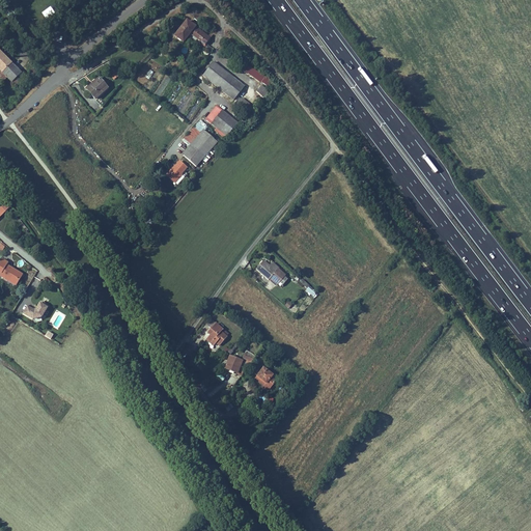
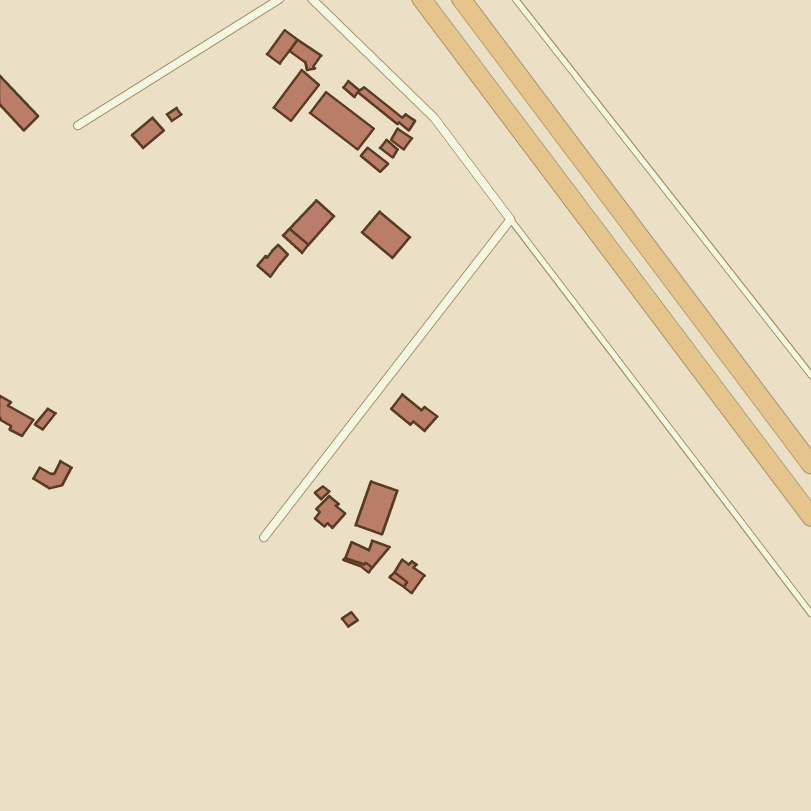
building: none -> [274,70,319,121]
building: [205,105,236,135] -> [362,212,410,258]
building: none -> [356,481,397,534]

